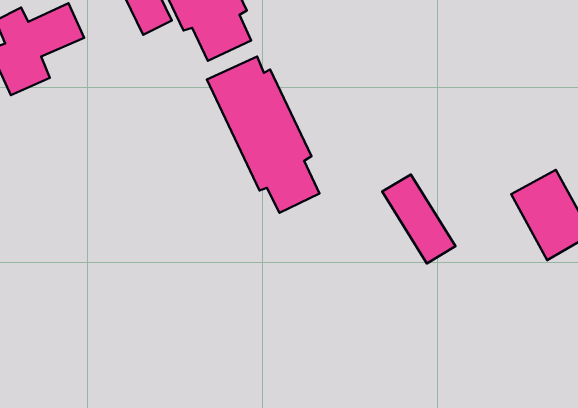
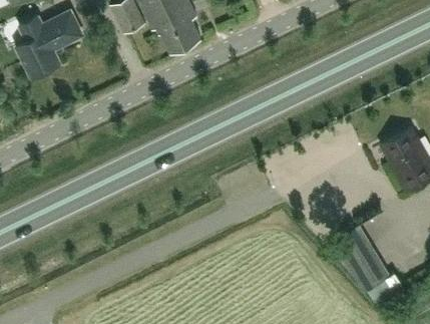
building: [207,56,320,213] -> none
building: [382,174,455,263] -> [336,228,387,290]

